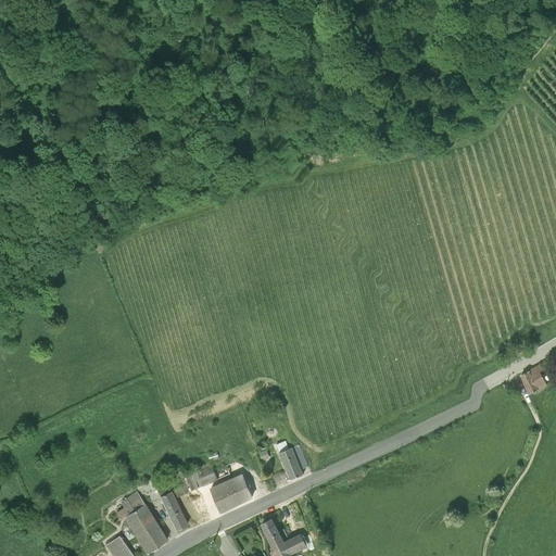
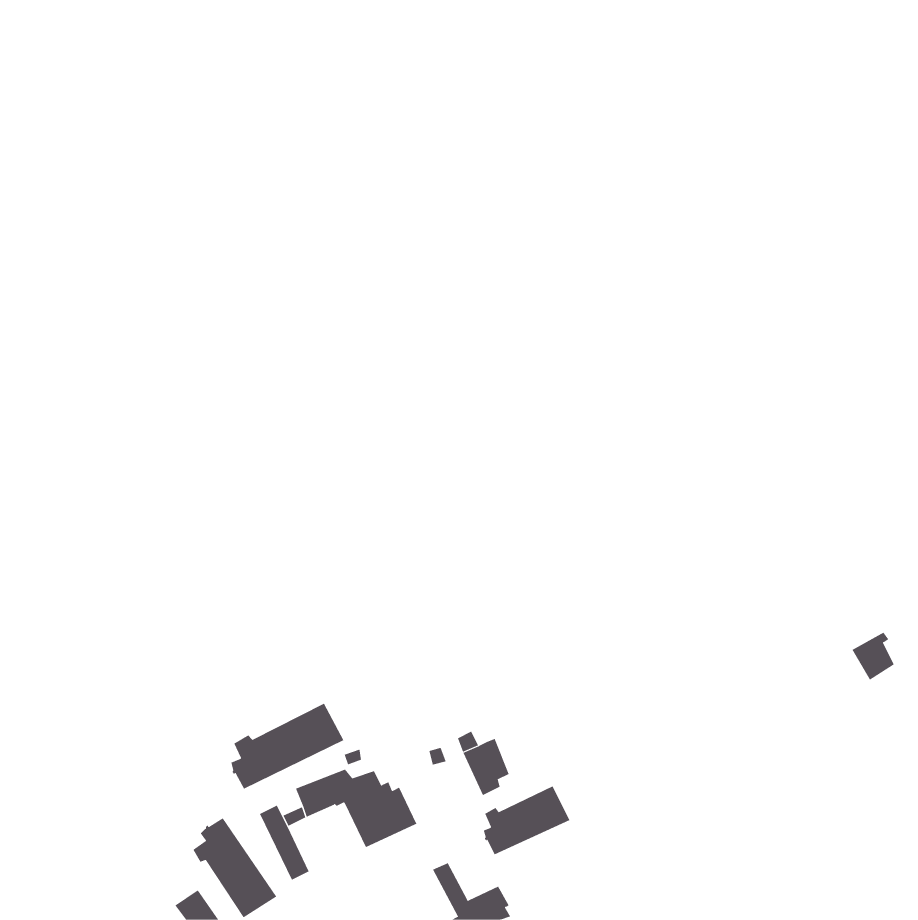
building: none -> [231,703,344,789]
building: none -> [483,785,570,855]

